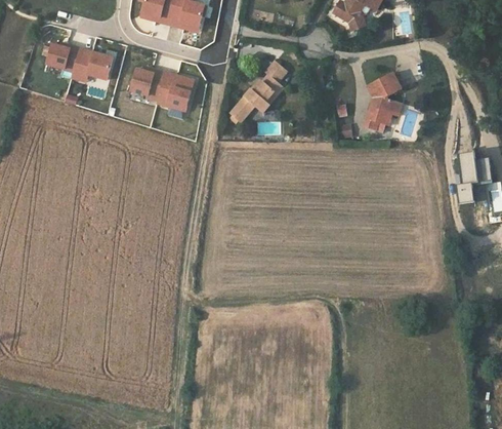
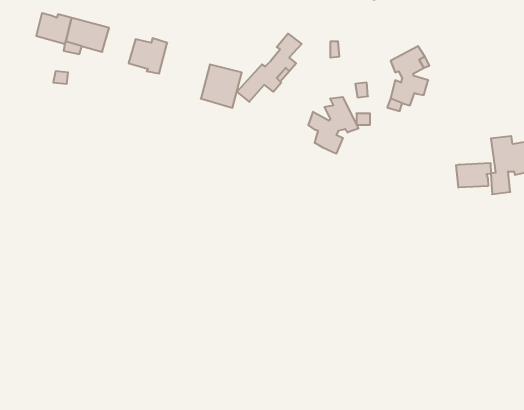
building: [158,70,195,109] -> [201,64,242,108]
building: none -> [308,97,358,154]
building: none -> [456,163,491,188]

